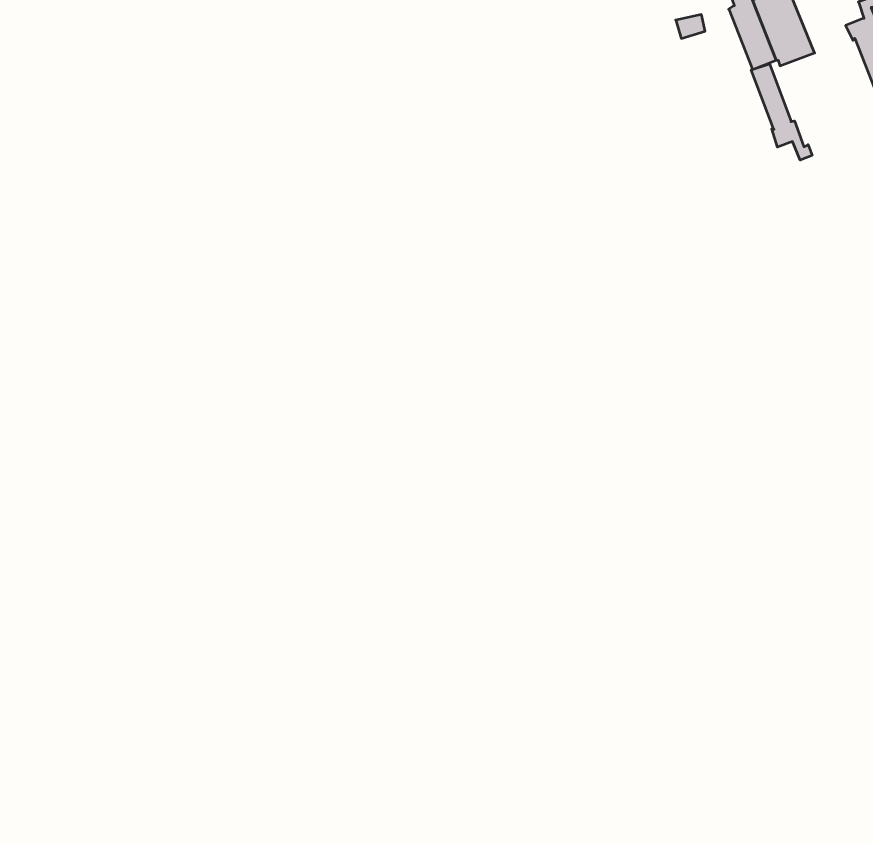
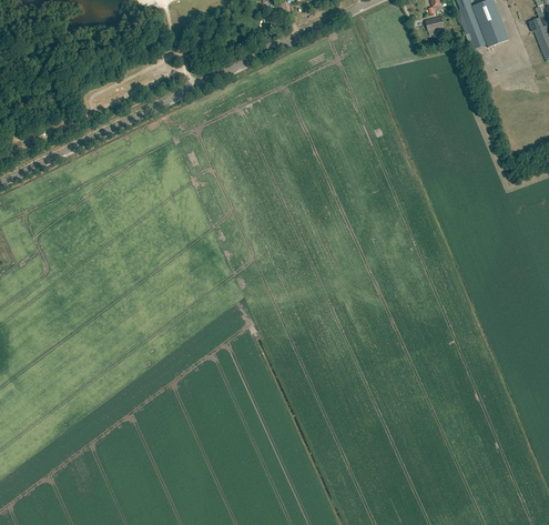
building: [751,64,812,160] -> none

